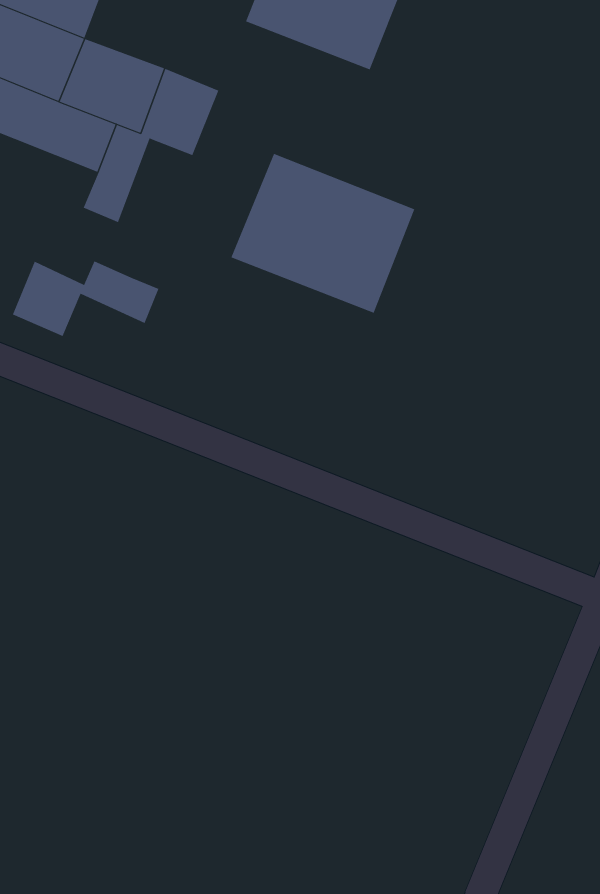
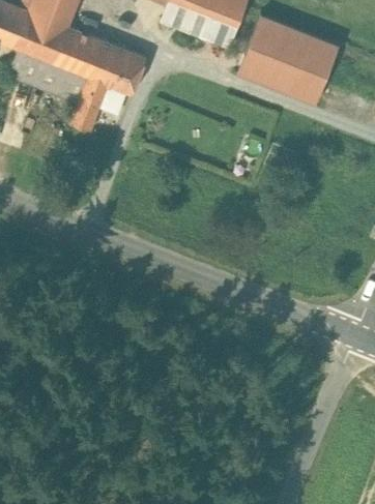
building: [231,153,415,313] -> [239,19,342,108]
building: [12,260,159,337] -> none

